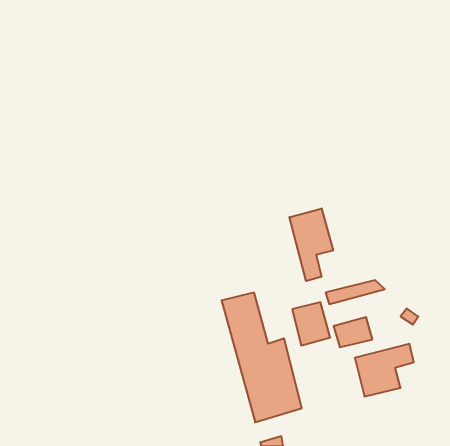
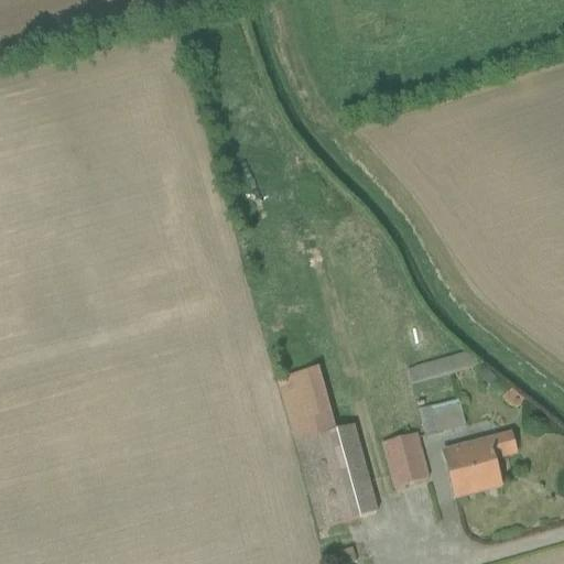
building: [289,208,333,281] -> none
building: [292,302,330,345] -> [382,432,430,486]

